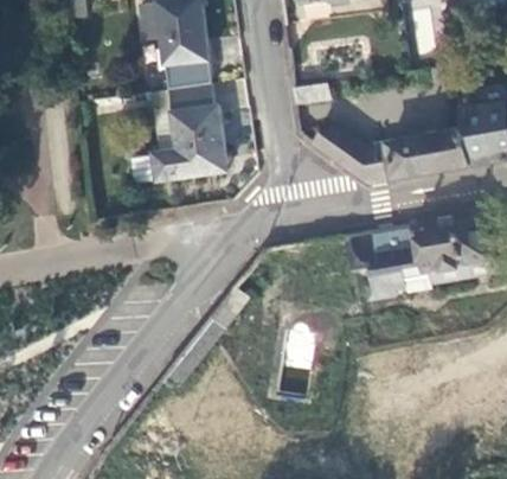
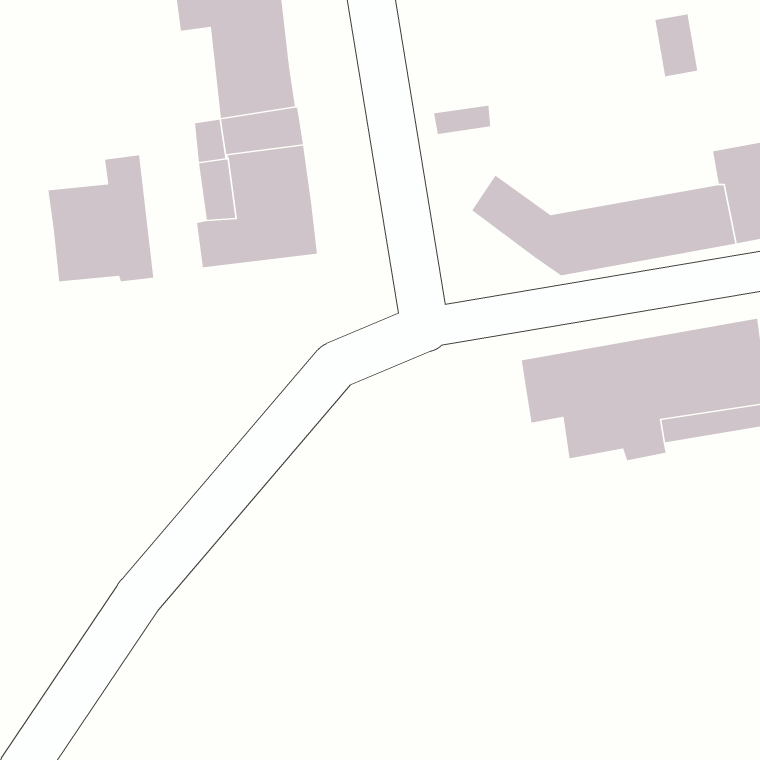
building: none -> [47,155,154,282]

